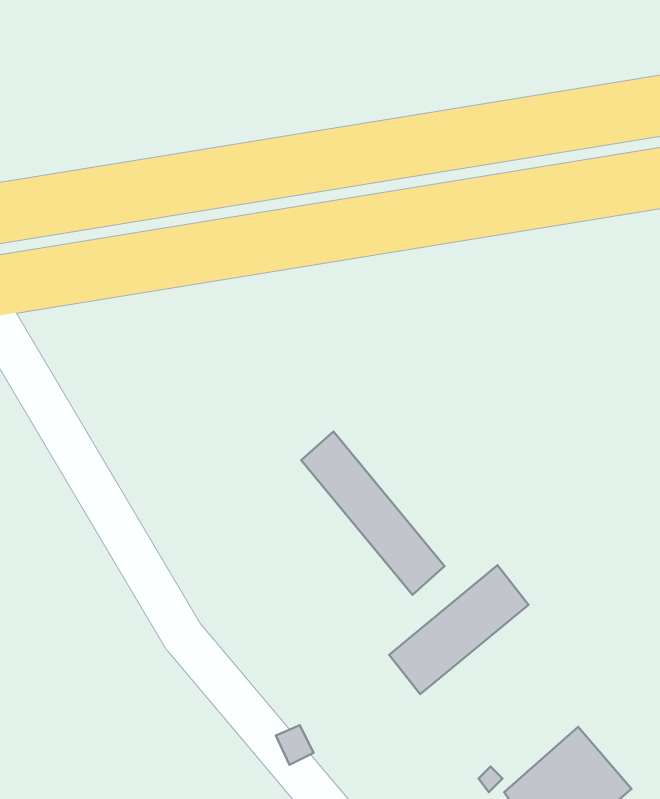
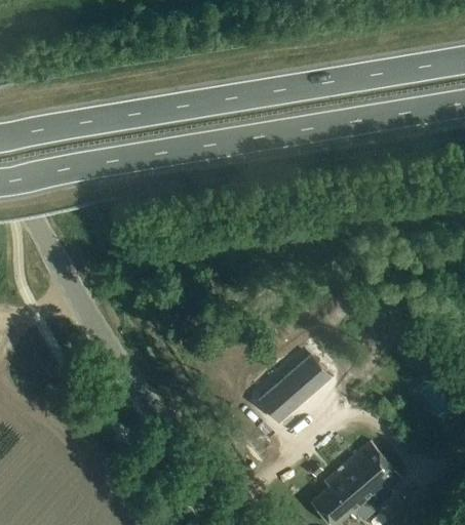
building: [301,431,445,595] -> none

